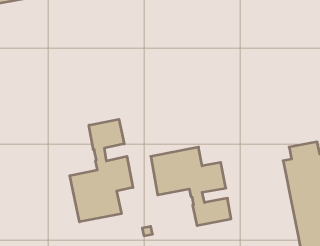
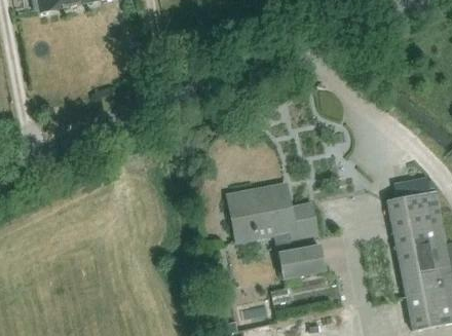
building: [70,119,133,222] -> none

